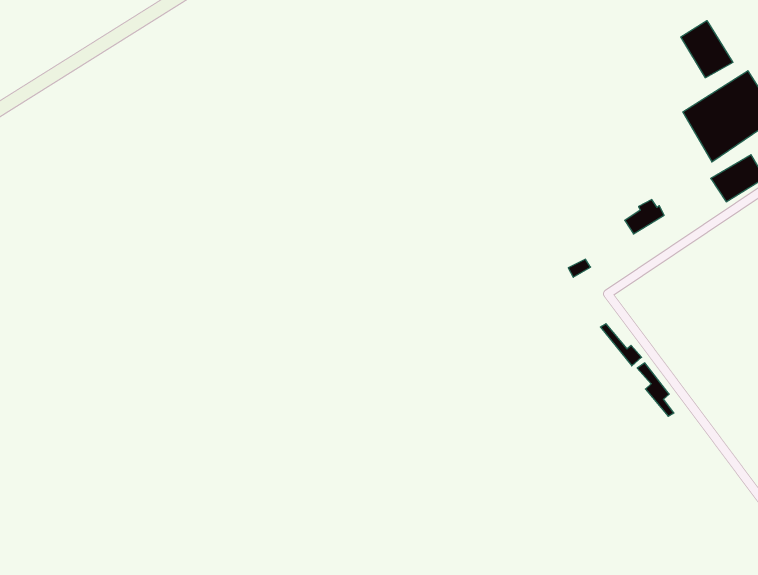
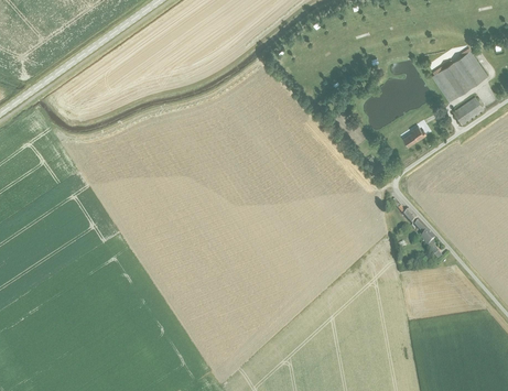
building: [681,21,733,78] -> none

